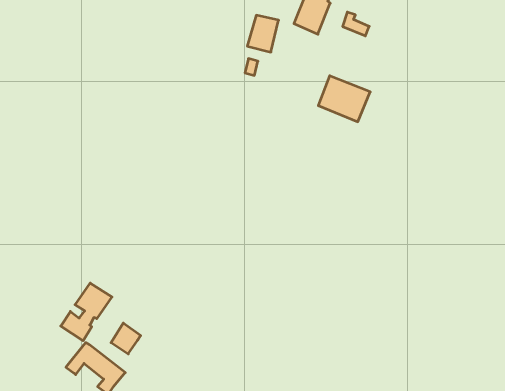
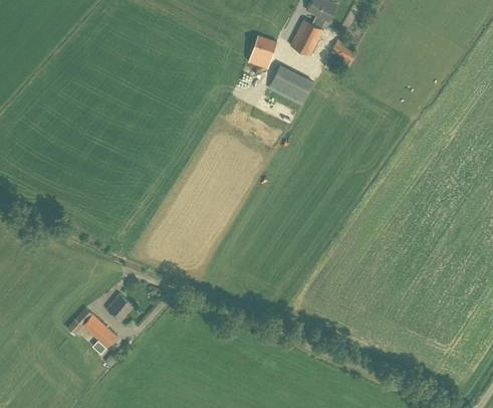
building: [318,76,370,122] -> [267,64,313,107]
building: [61,283,112,341] -> none

